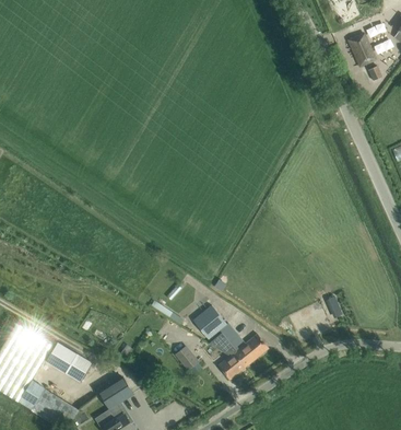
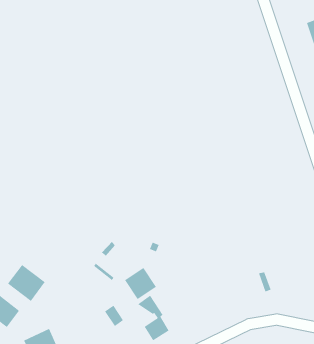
building: none -> [7,264,46,302]
building: [235,335,269,367] -> none

